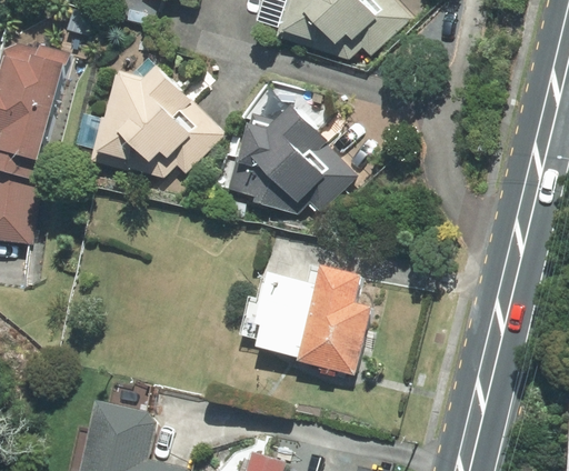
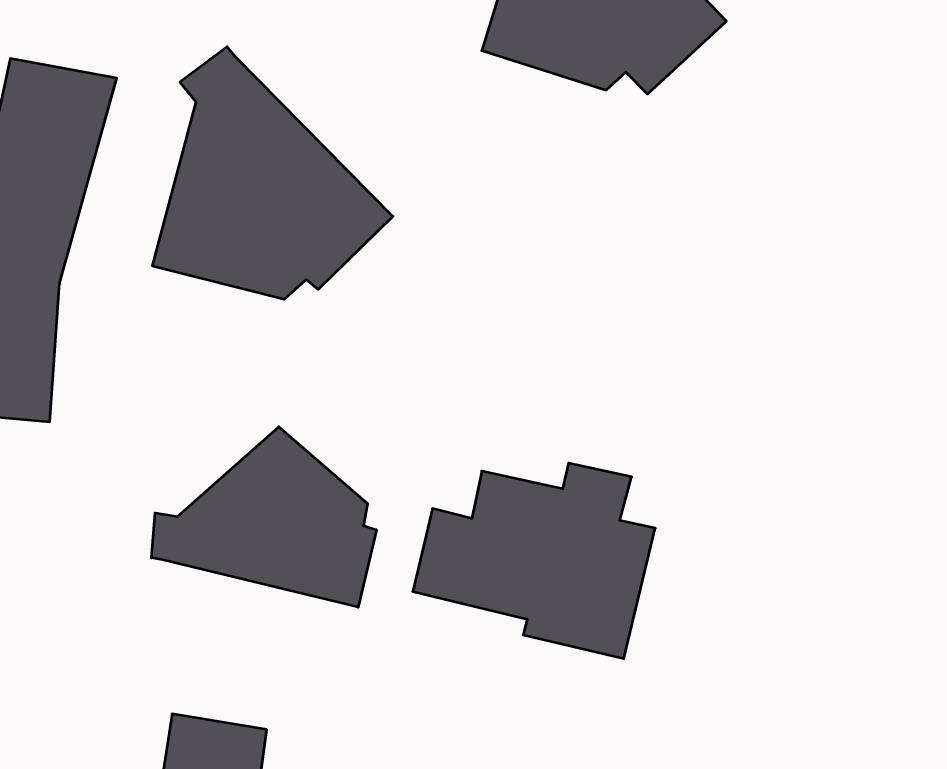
building: [220,84,363,216] -> none
building: none -> [151,427,376,607]

